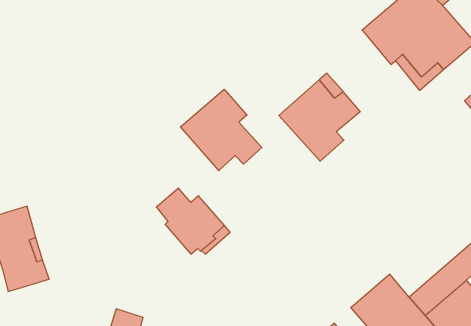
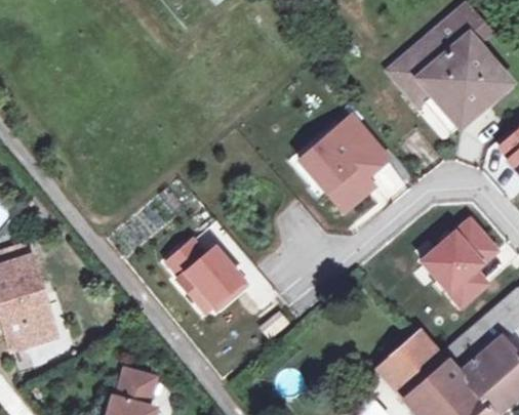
building: [180,89,262,171] -> none
building: none -> [423,219,496,304]

